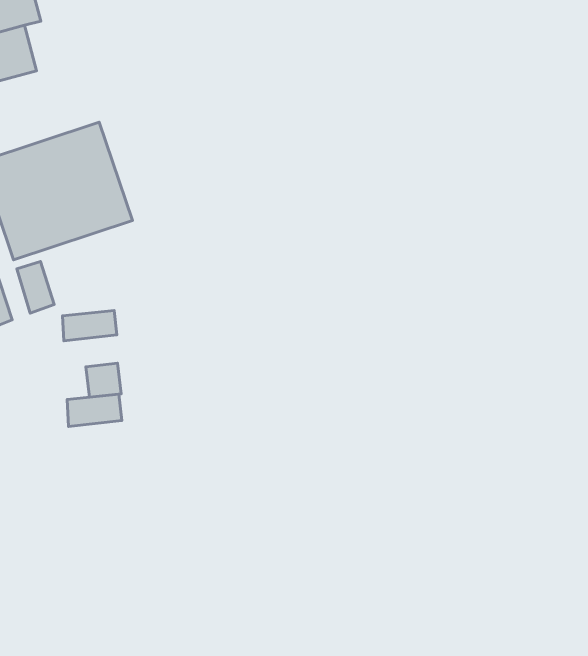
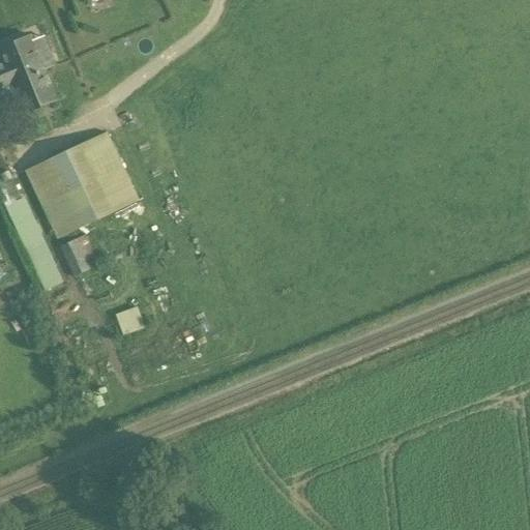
building: [63,310,117,341] -> none
building: [67,394,122,427] -> none

